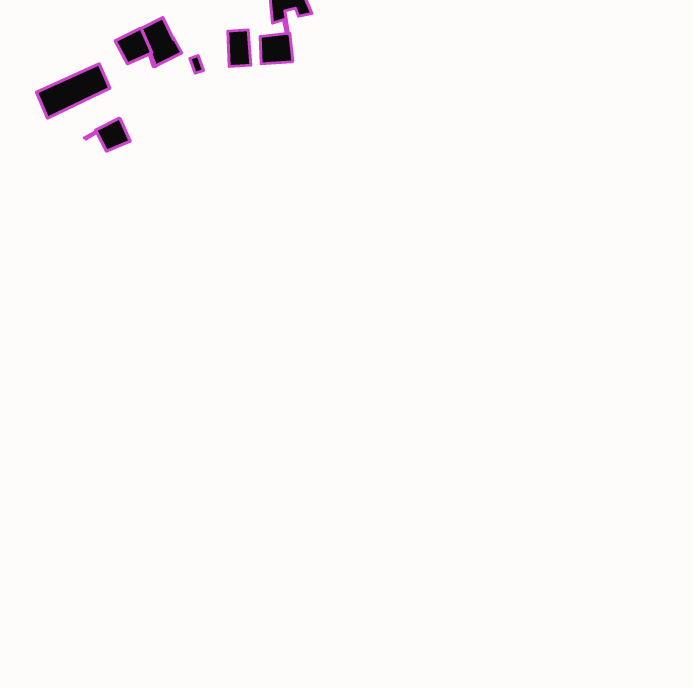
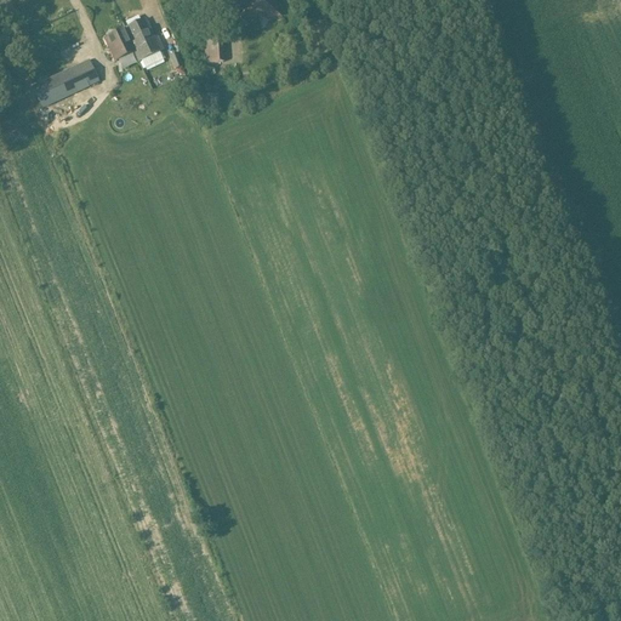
building: [260,19,293,64] -> none
building: [84,118,130,151] -> none

